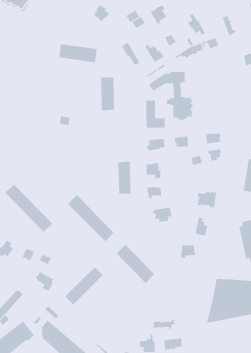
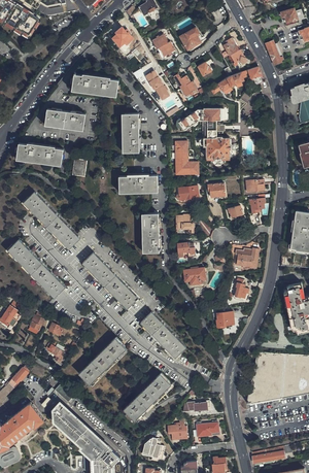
building: none -> [45,109,85,131]
building: none -> [16,143,64,166]
building: none -> [119,175,158,194]
building: none -> [24,193,80,249]
building: none -> [124,374,170,424]

